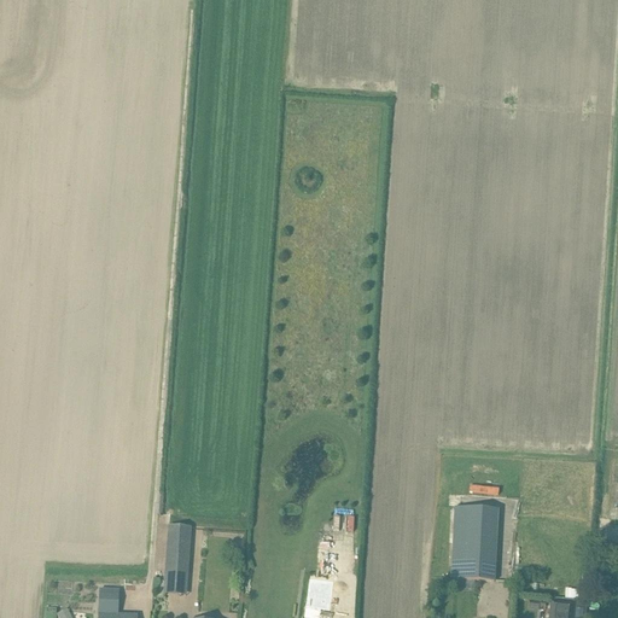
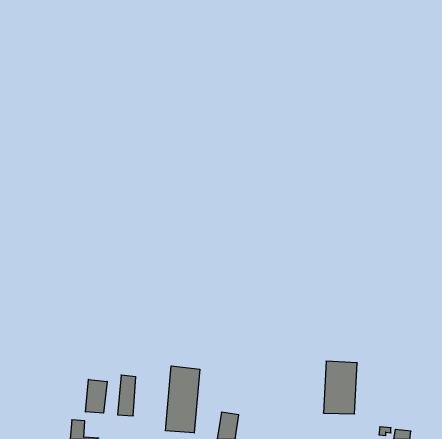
building: none -> [166,366,200,433]
building: none -> [86,379,107,413]

